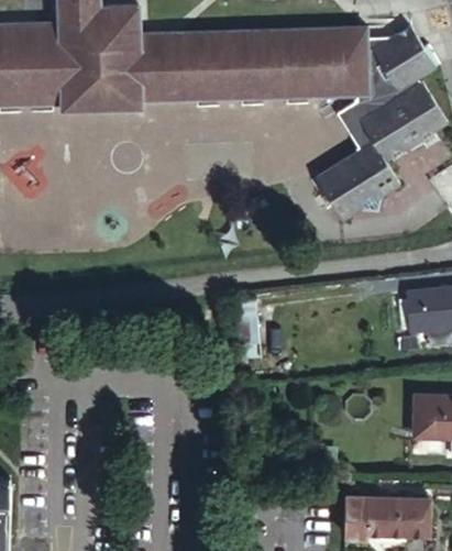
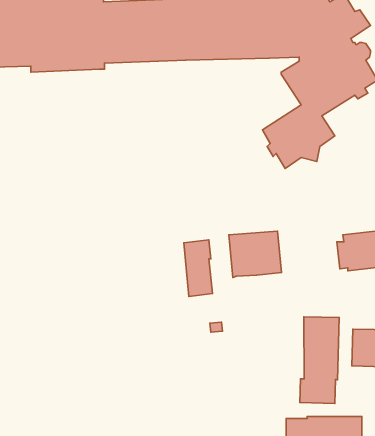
building: none -> [229,231,281,277]
building: none -> [300,317,339,403]

